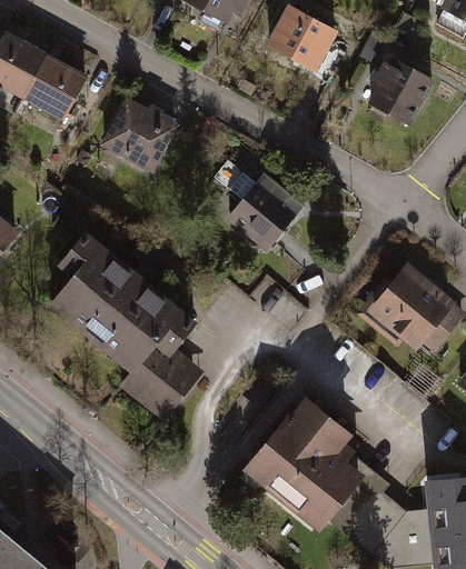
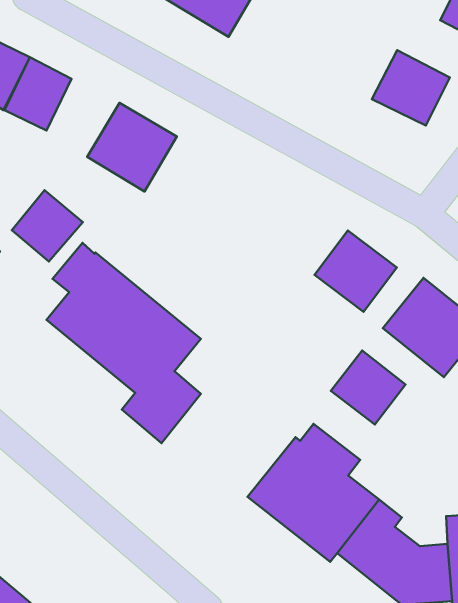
building: [261,13,337,86] -> none
building: none -> [12,190,83,261]
building: [226,180,303,256] -> [314,230,397,312]
building: none -> [331,350,406,424]

